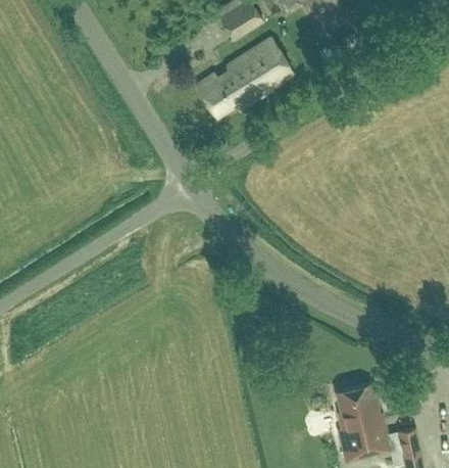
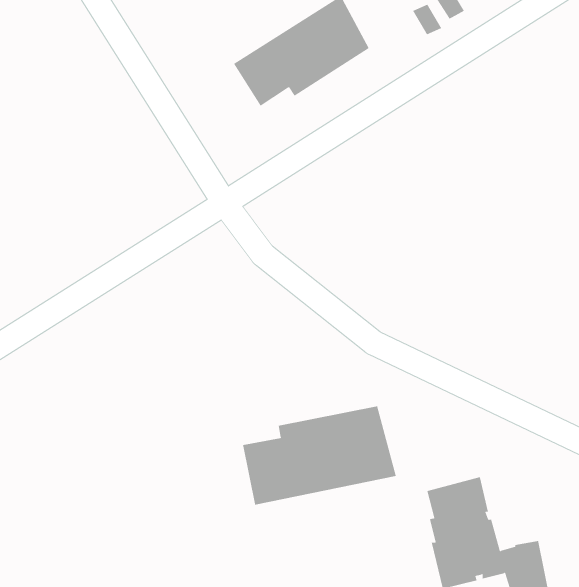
building: none -> [243,406,396,505]

